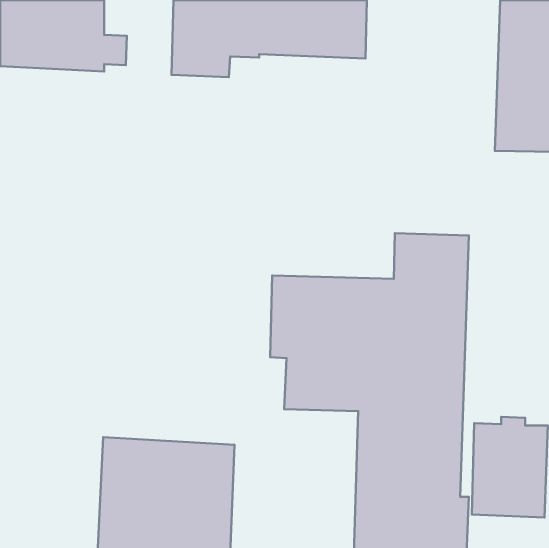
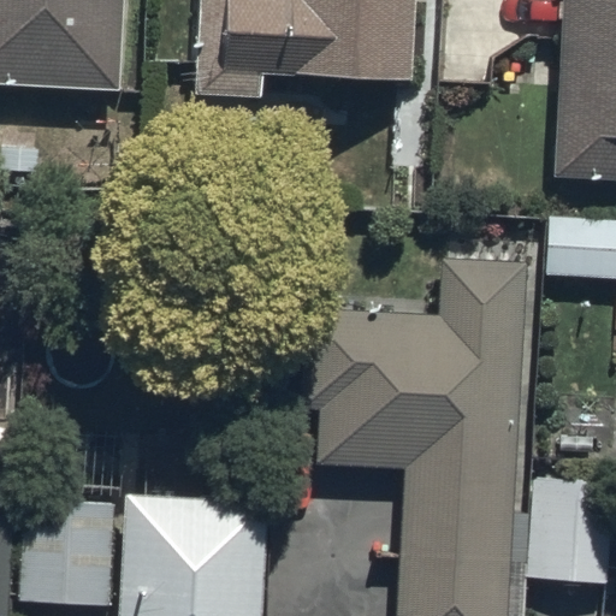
building: none -> [18,499,112,605]

